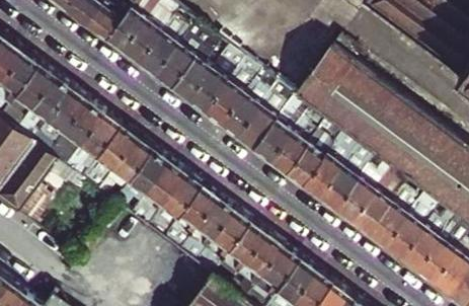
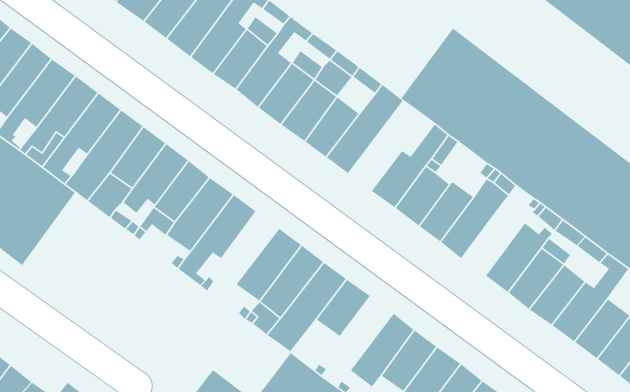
building: [251,93,300,158] -> none
building: [332,166,380,219] -> none
building: [155,172,202,225] -> none
building: [236,233,284,287] -> none

